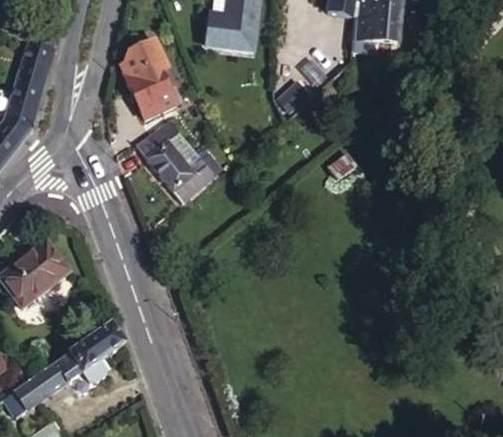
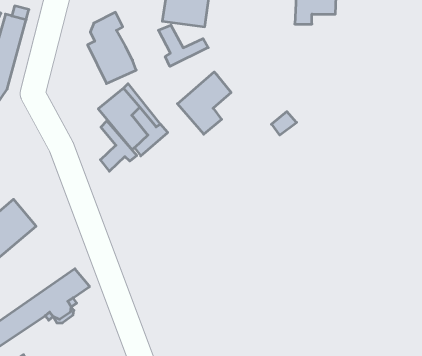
building: none -> [158,25,208,66]
building: none -> [177,72,231,134]
building: none -> [100,121,137,171]

